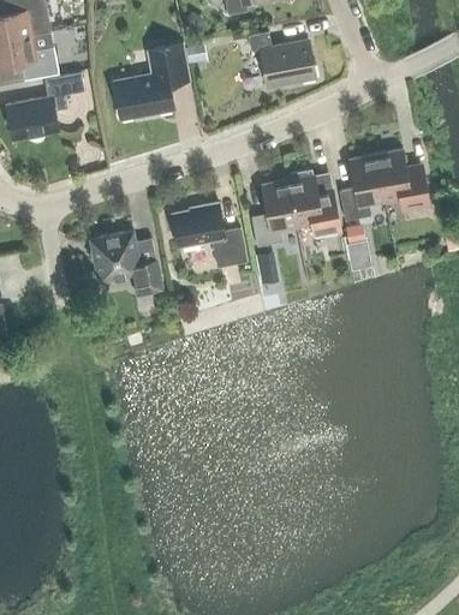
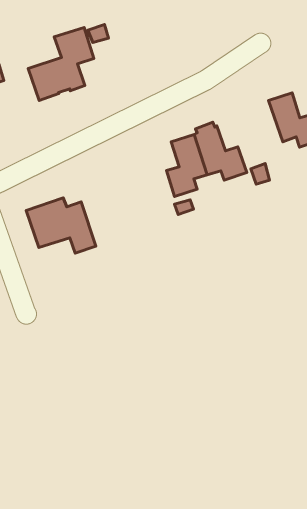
building: [248,31,315,86] -> none
building: [339,154,385,221] -> none
building: [171,203,246,267] -> none

